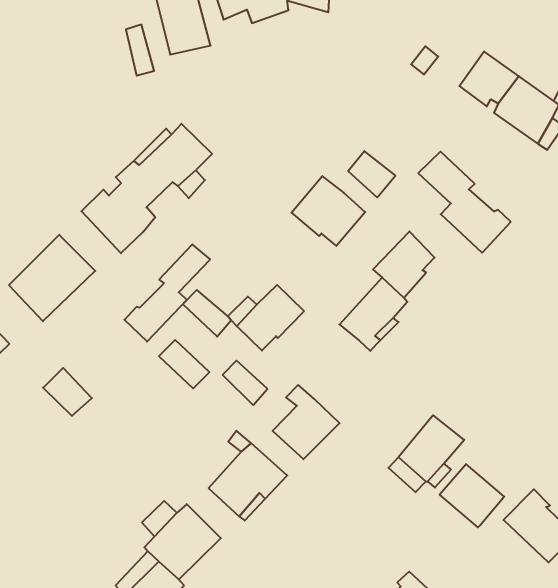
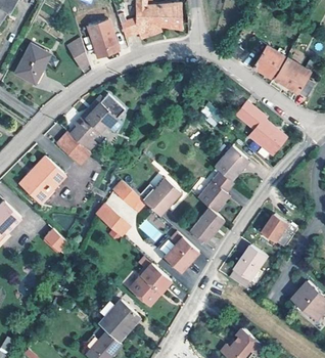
building: none -> [16,44,50,82]
building: [291,176,365,246] -> none
building: [124,244,210,342] -> none
building: none -> [189,206,224,240]
building: [440,464,504,527] -> [263,214,297,248]

